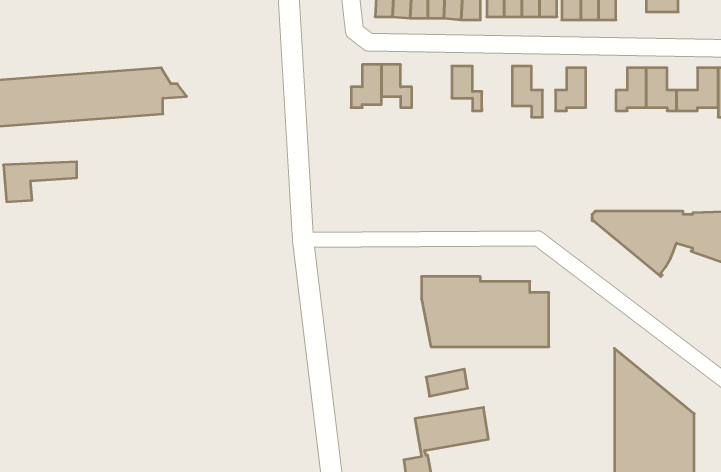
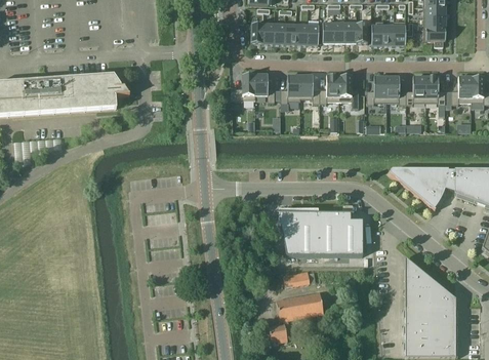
building: none -> [281,74,300,102]
building: none -> [320,74,339,102]
building: none -> [386,75,406,103]

